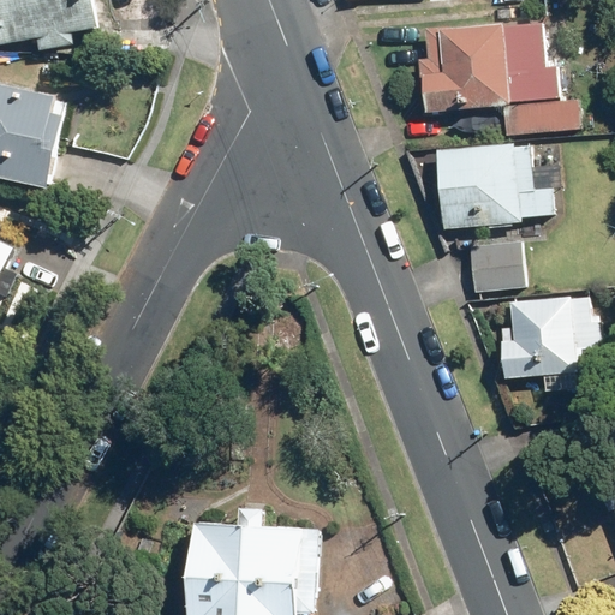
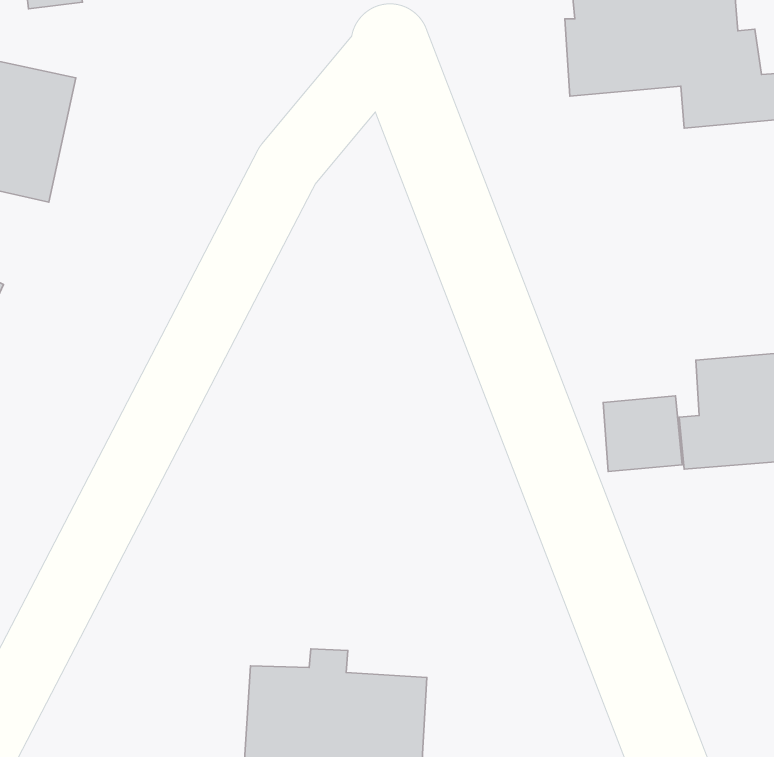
building: [435,142,553,228] -> none
building: [467,240,524,294] -> [603,396,682,471]

